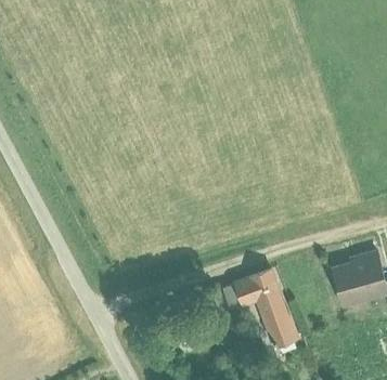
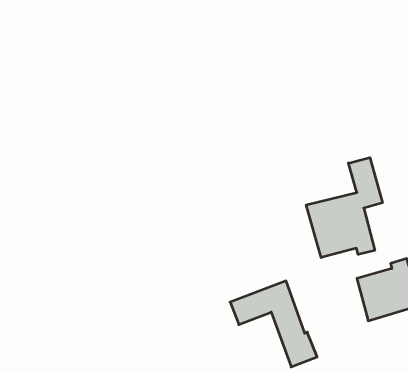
building: none -> [306,158,382,258]

